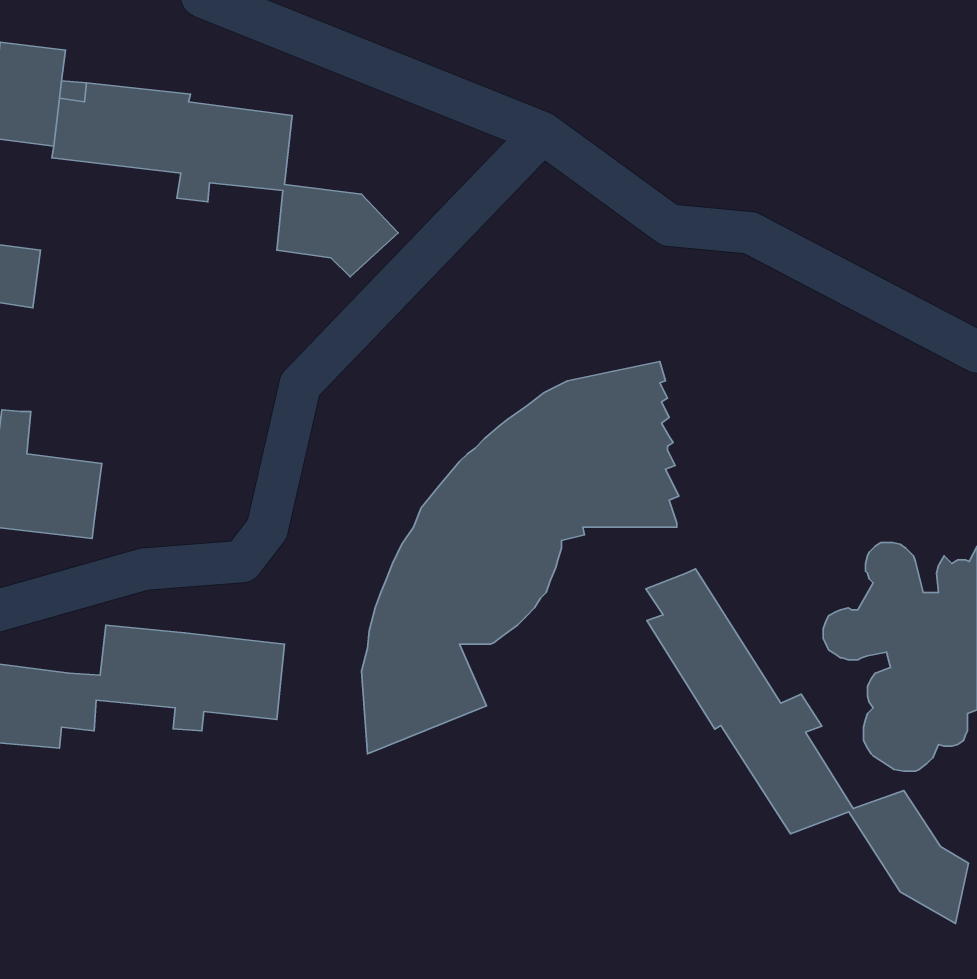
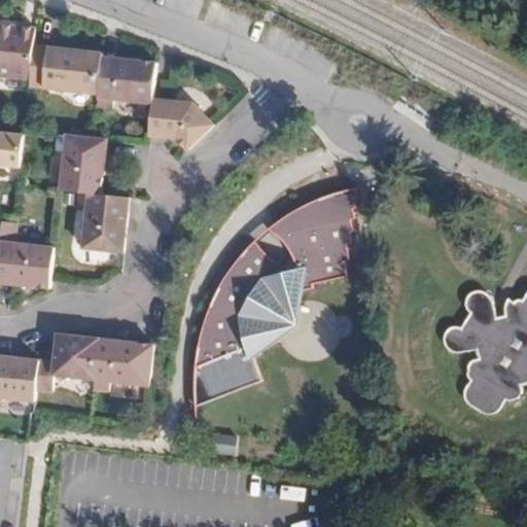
building: none -> [56,131,131,251]
building: [646,569,969,923] -> none

